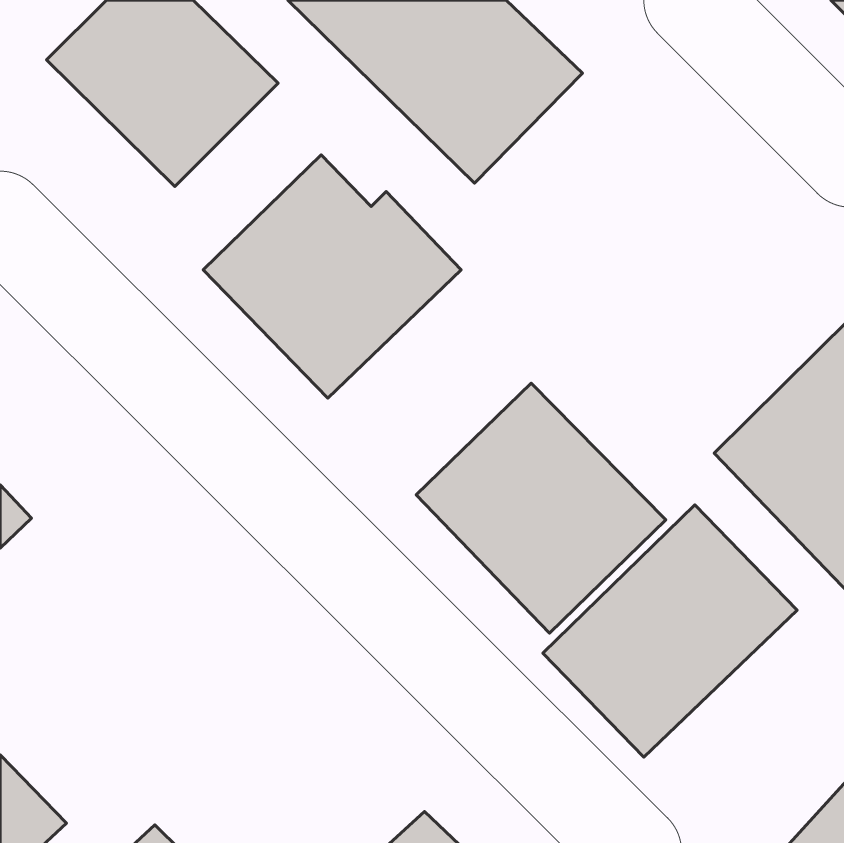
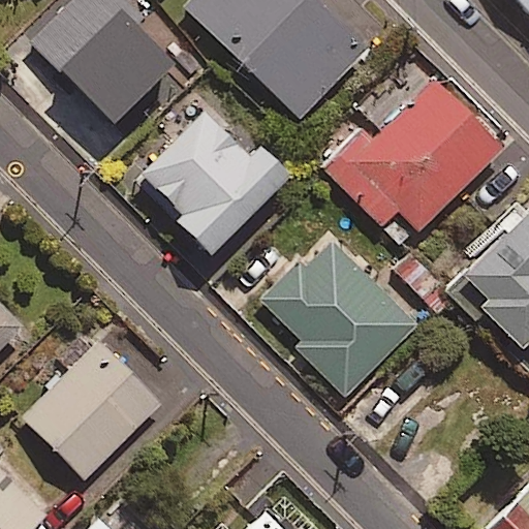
building: none -> [323,79,503,230]
building: [543,505,797,757] -> none
building: none -> [23,342,161,480]

